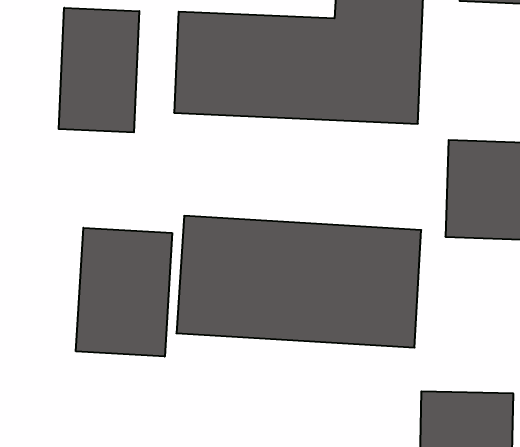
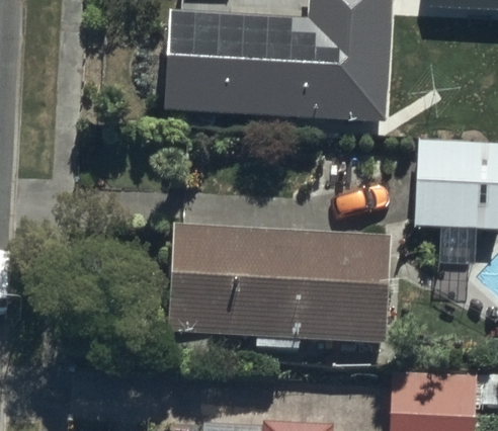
building: [59,8,139,132] -> none
building: [76,228,172,357] -> none

